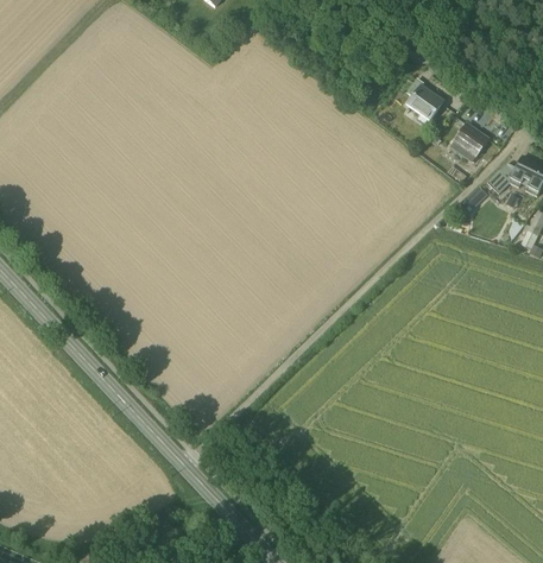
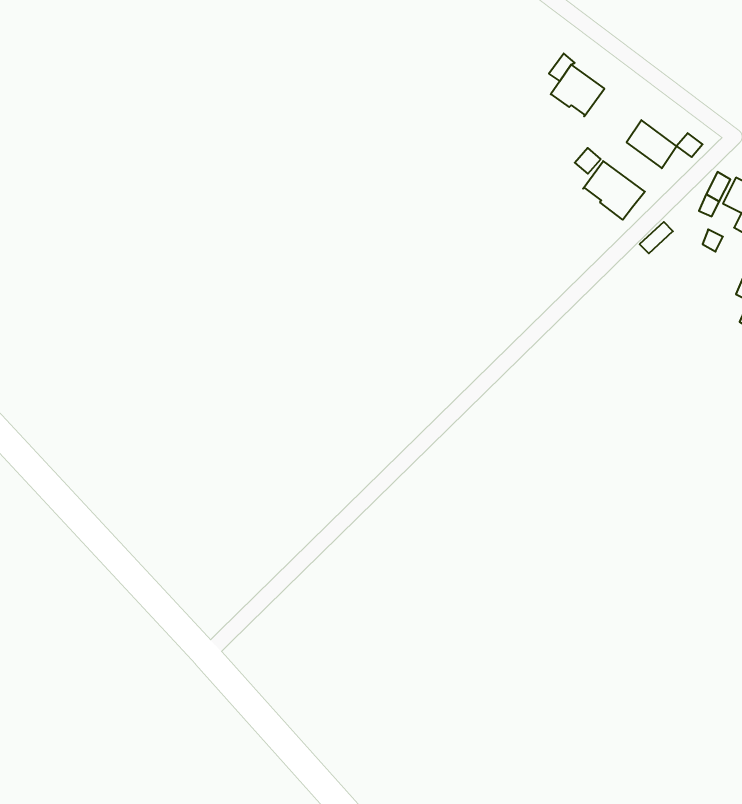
building: none -> [583,161,645,220]

